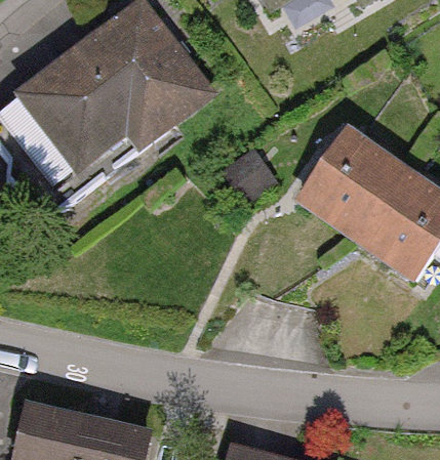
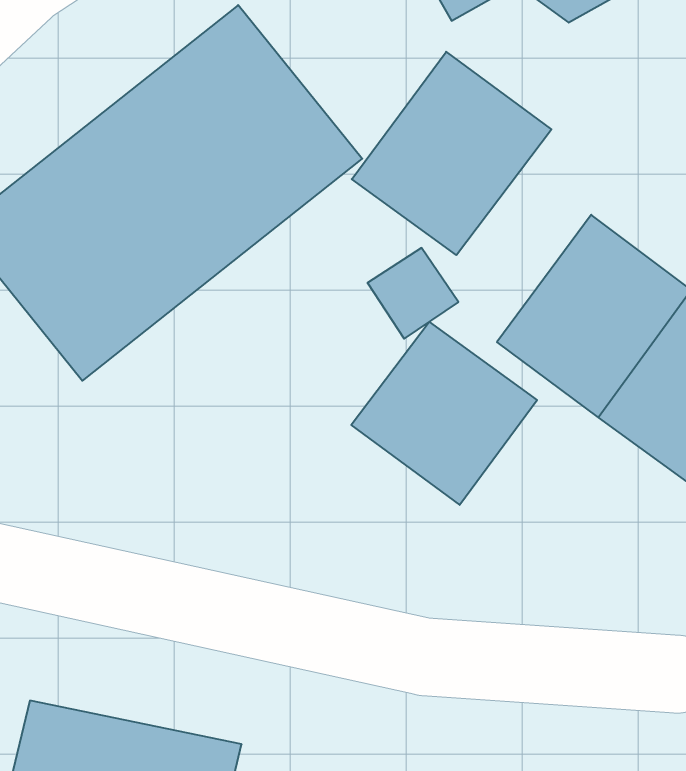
building: none -> [352,52,551,255]
building: none -> [351,322,537,505]

